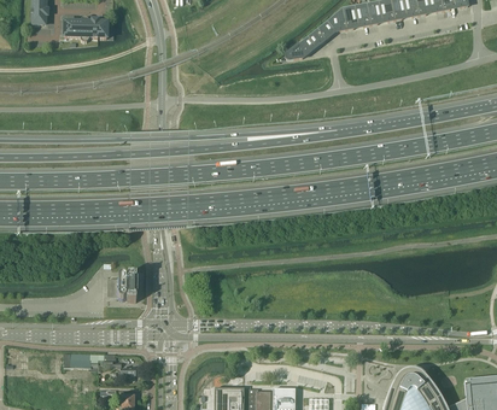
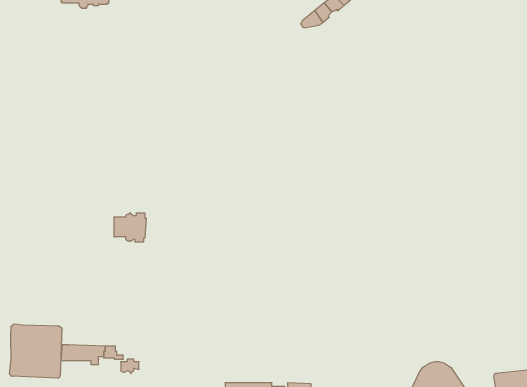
building: [107,274,138,300] -> [114,213,146,242]
building: none -> [10,324,62,378]

